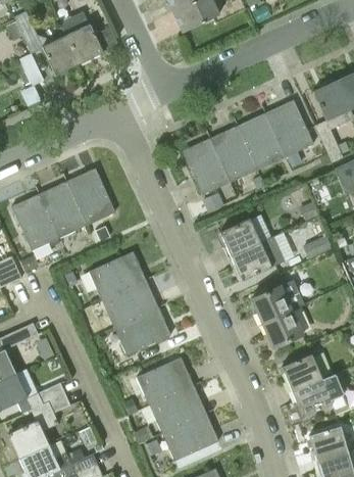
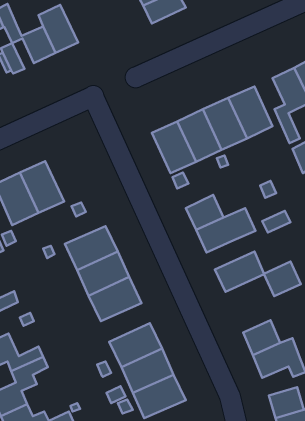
building: [67,168,115,225] -> none
building: [262,309,302,347] -> [264,261,301,296]

